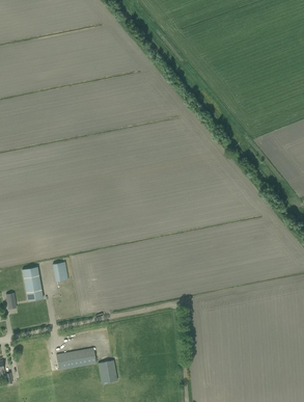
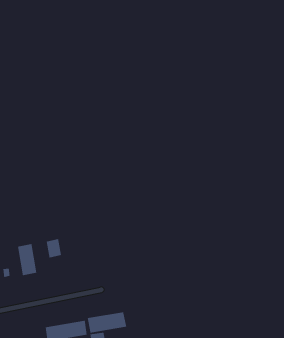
building: none -> [87,311,127,334]

